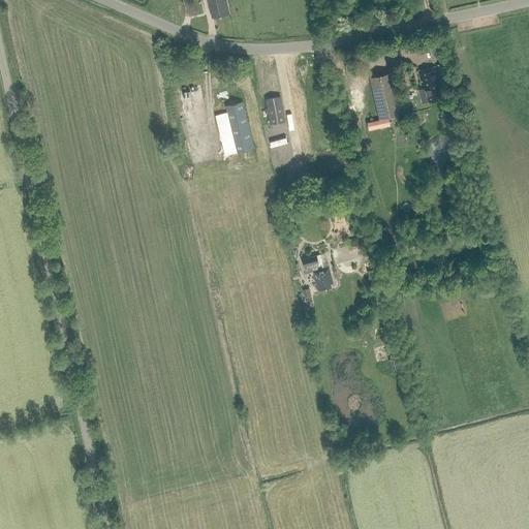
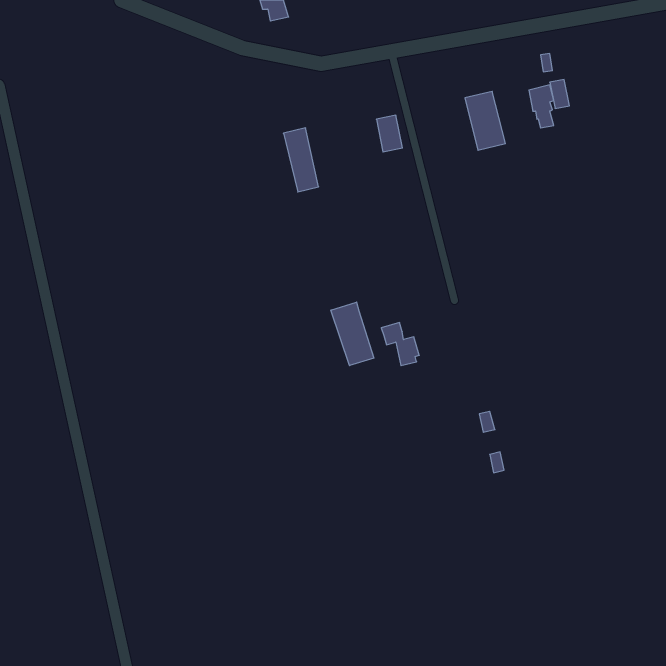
building: [263,97,284,126] -> [376,115,402,152]
building: none -> [331,302,374,366]

